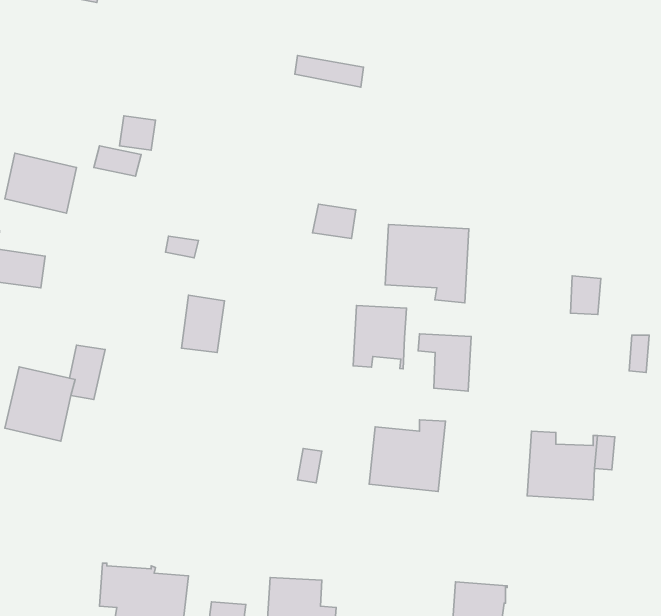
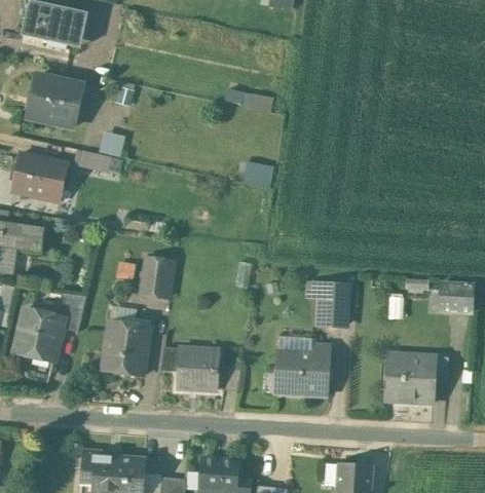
building: none -> [30,78,81,127]
building: [313,204,356,239] -> [240,161,271,186]
building: [385,224,469,303] -> none
building: [571,276,601,314] -> [441,283,462,311]
building: [353,305,406,369] -> none
building: none -> [102,321,149,375]
building: none -> [162,346,221,391]

